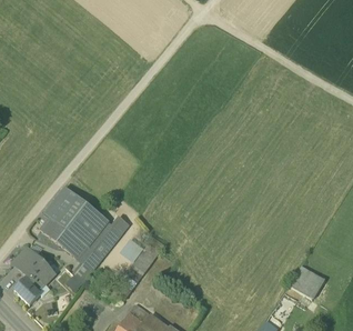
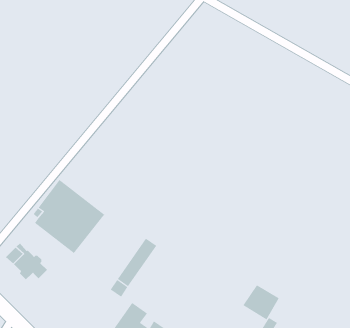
building: [77,221,121,271] -> none
building: [289,262,324,297] -> [243,284,279,320]
building: [13,277,44,304] -> none

